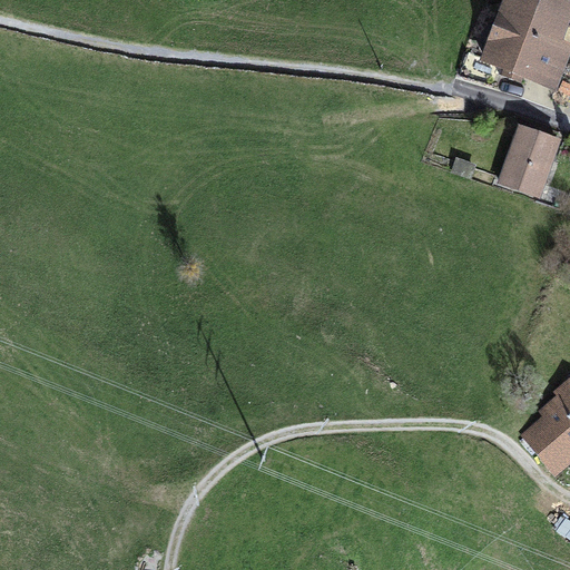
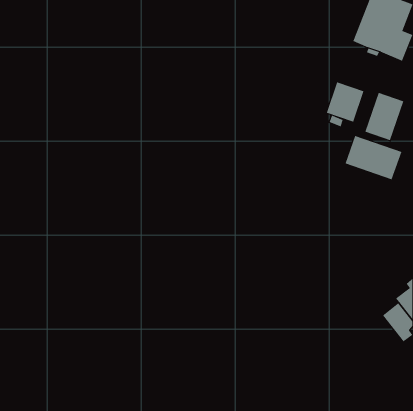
building: none -> [326,81,364,123]
building: none -> [345,135,402,180]

